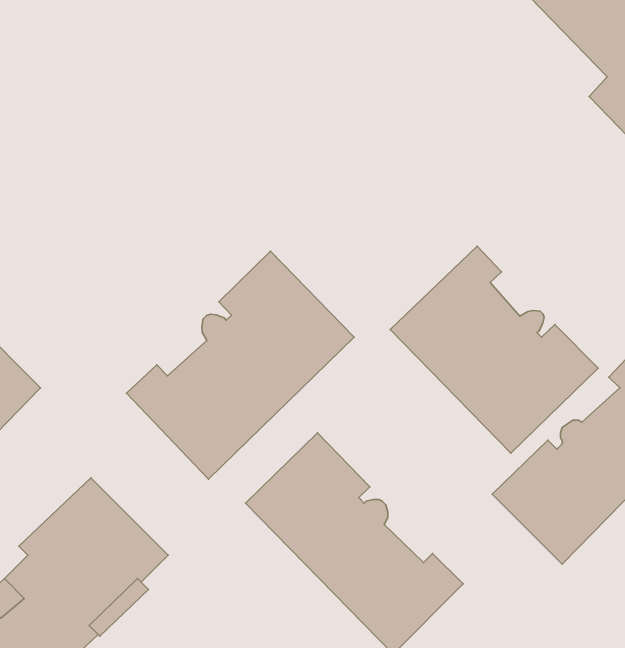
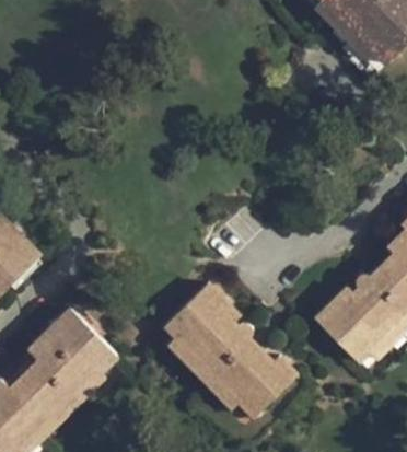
building: [390,246,598,453] -> none
building: [127,251,354,479] -> none

